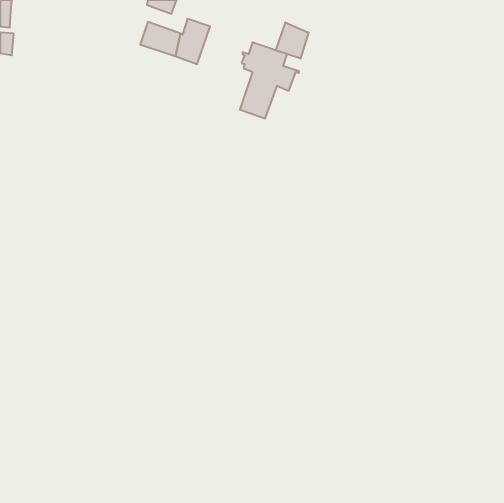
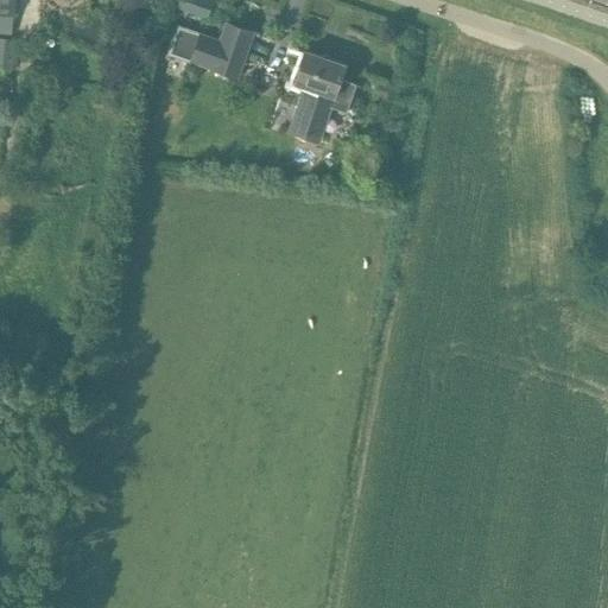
building: [276,22,309,59] -> none

